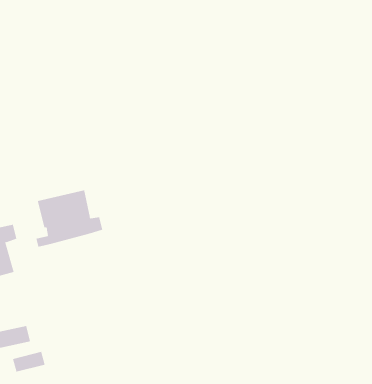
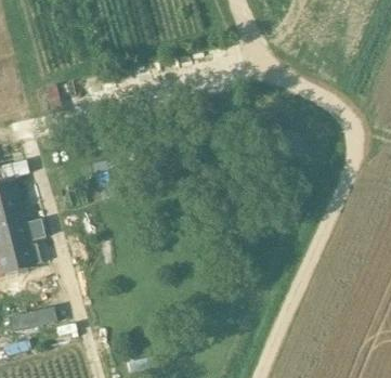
building: [36,190,103,248] -> none

